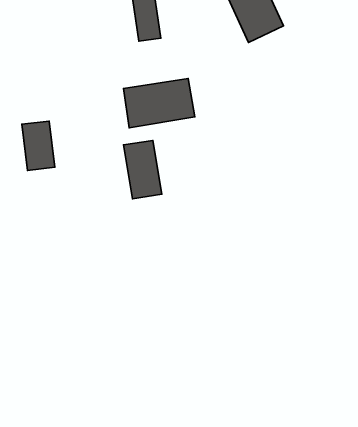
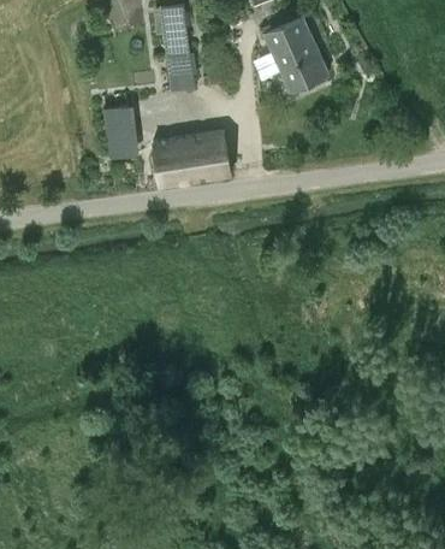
building: [22,121,55,170] -> [102,105,138,159]
building: [124,140,162,199] -> none

